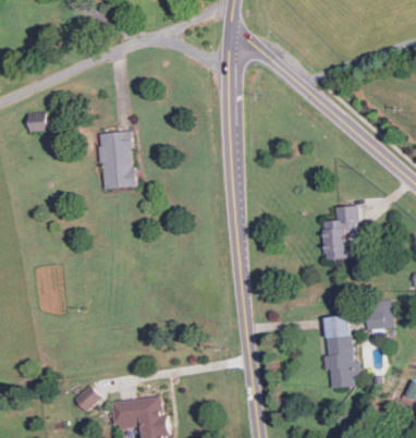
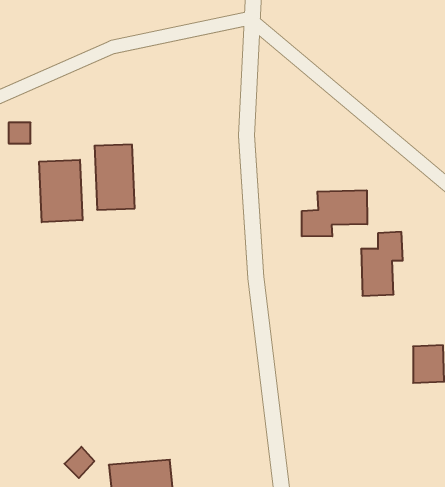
building: none -> [39,160,82,222]
building: none -> [302,190,367,236]
building: [325,316,352,387] -> none

